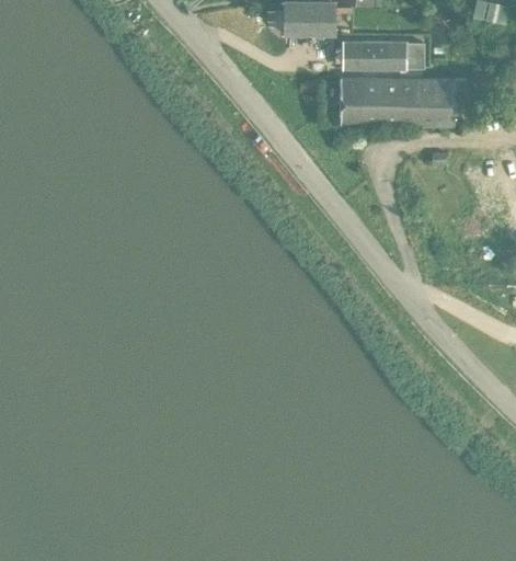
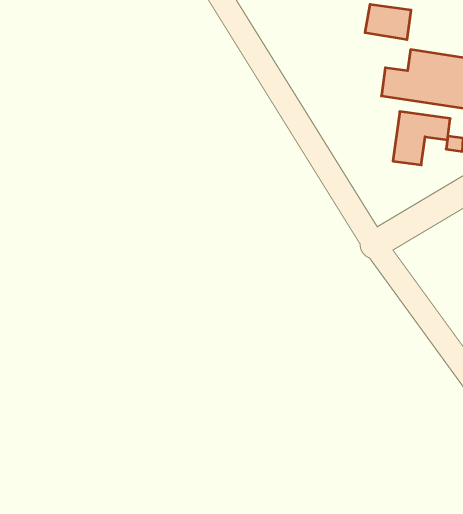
building: [383,41,423,68] -> none
building: [341,77,388,123] -> [393,112,450,165]

